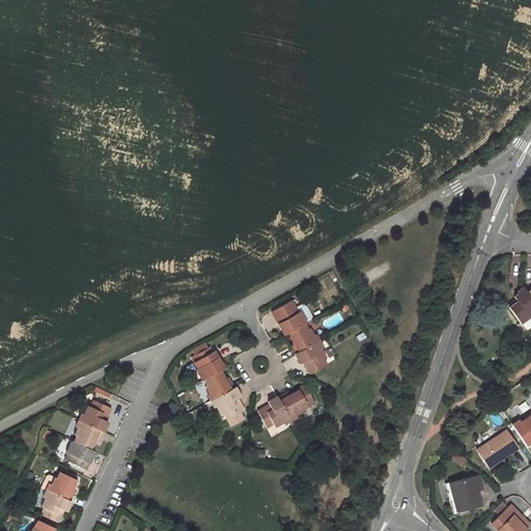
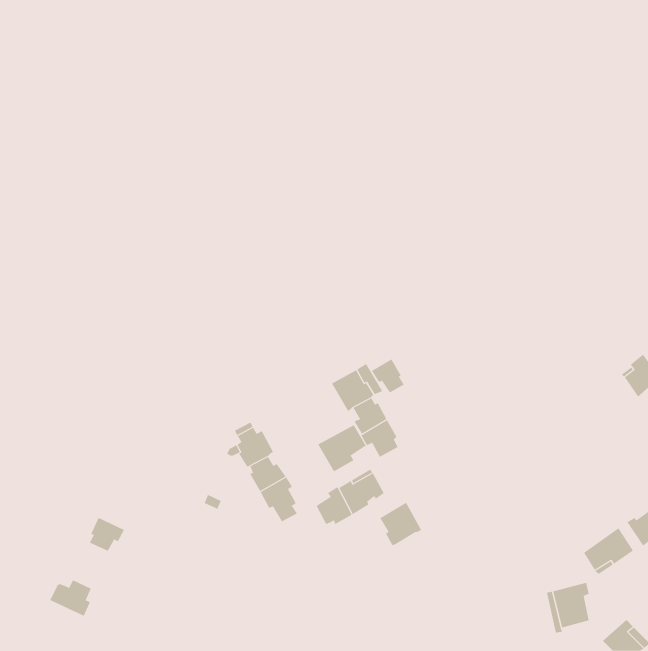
building: none -> [371,359,404,393]
building: none -> [318,425,367,472]
building: [82,399,111,431] -> none
building: none -> [379,502,422,546]
building: [66,441,95,469] -> none
building: [41,492,72,522] -> none

